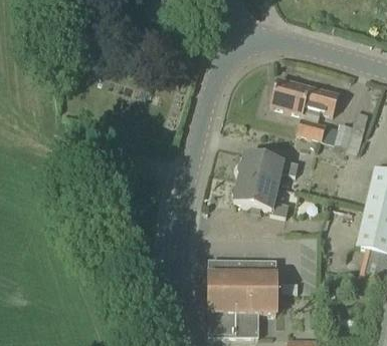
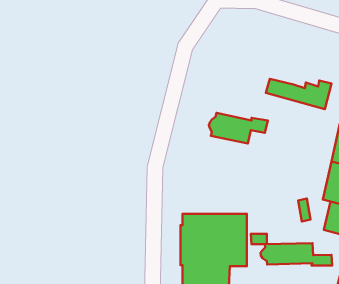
building: [270,77,339,113] -> none
building: [232,178,289,217] -> none
building: none -> [260,243,332,266]

